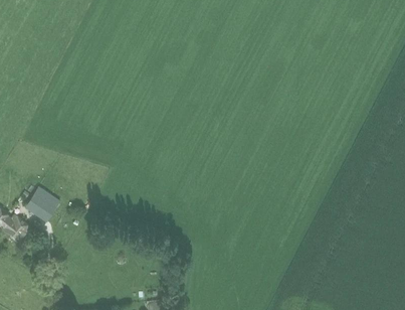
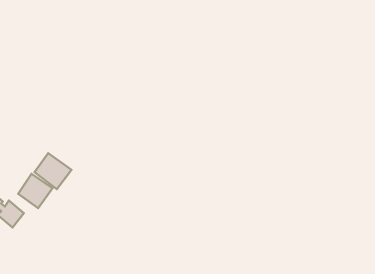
building: none -> [34,153,71,189]

